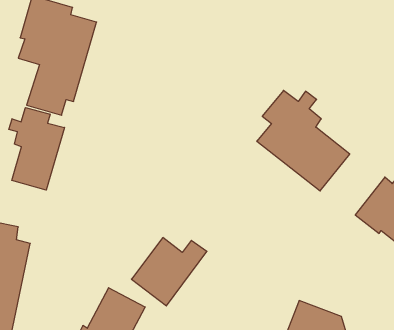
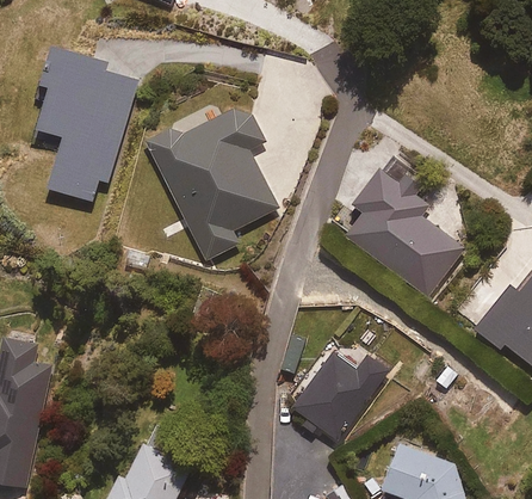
building: none -> [147,92,277,261]
building: [9,108,64,190] -> none
building: [131,238,207,306] -> [291,351,389,439]

